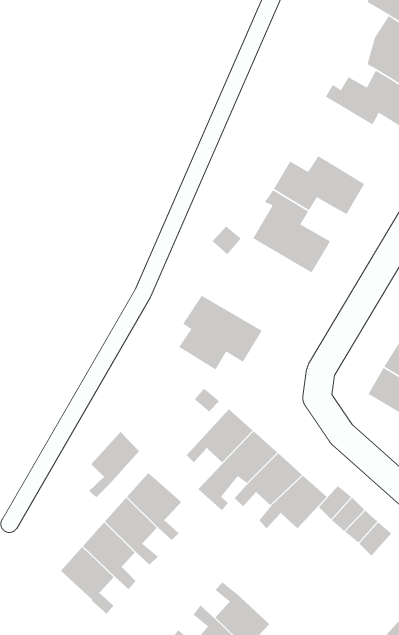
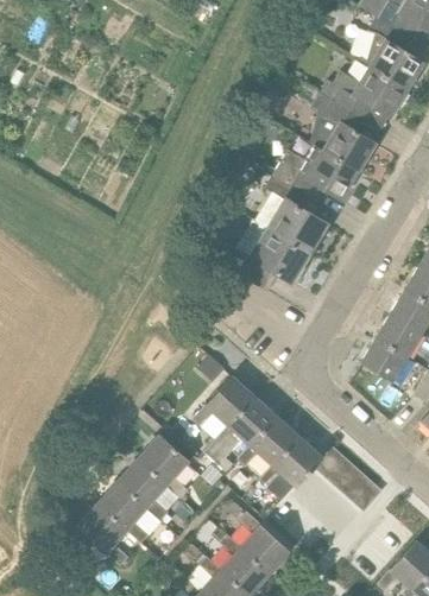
building: none -> [313,91,376,171]
building: [178,294,263,371] -> [233,220,310,290]
building: [88,431,140,498] -> none
building: none -> [241,512,291,573]

